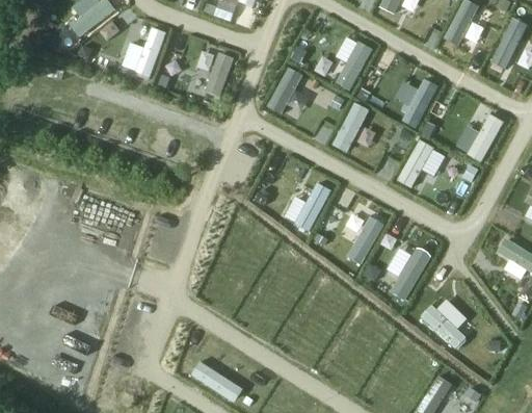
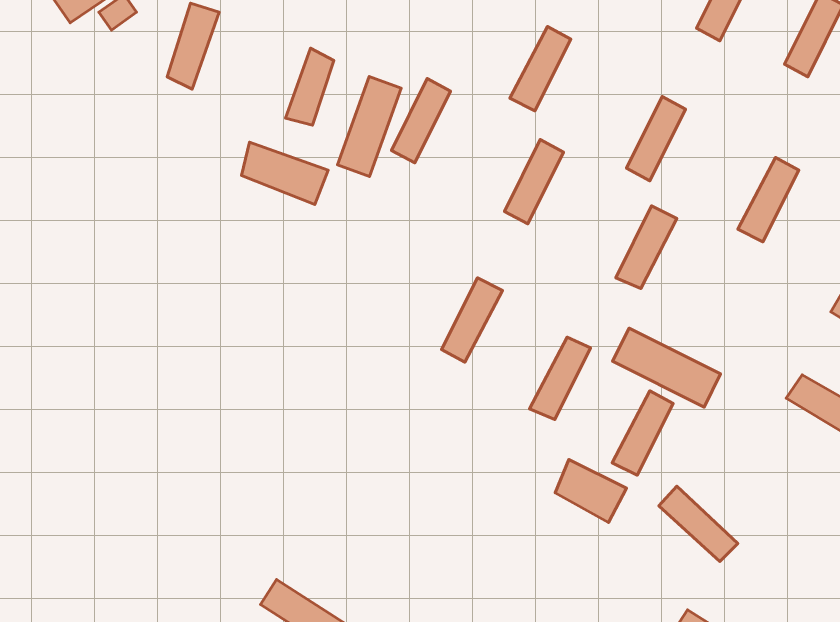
building: none -> [338,77,401,176]
building: none -> [241,142,328,205]
building: none -> [613,328,721,407]
building: none -> [555,459,626,523]

